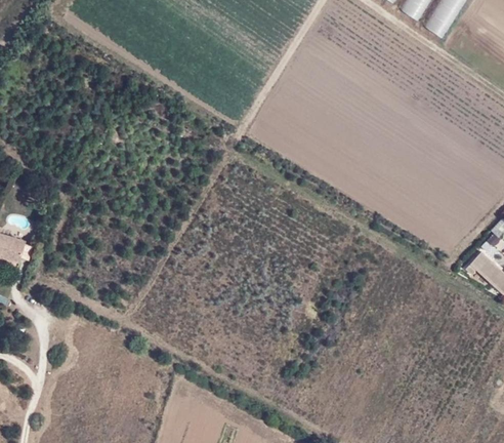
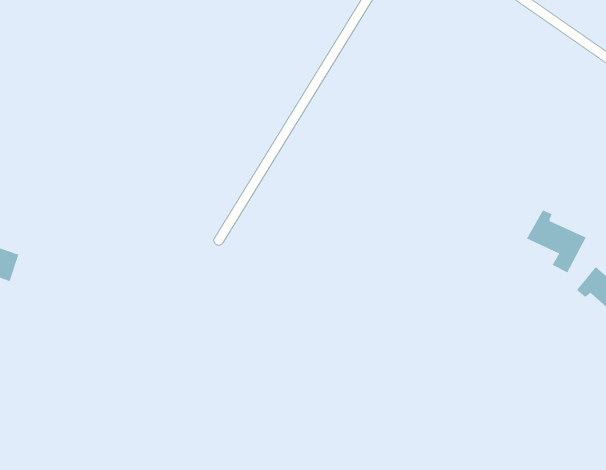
building: none -> [526,209,587,273]

